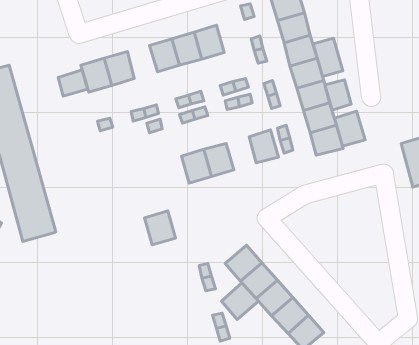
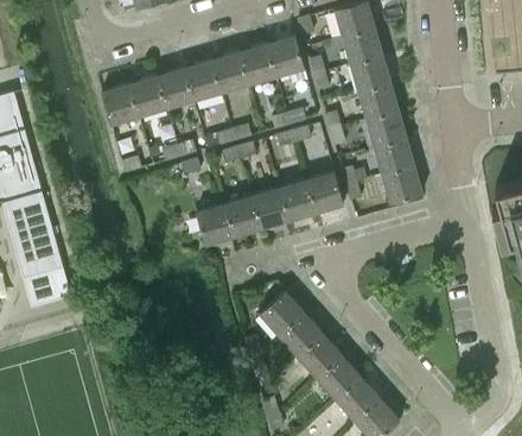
building: none -> [267,36,304,76]
building: [313,38,343,77] -> none
building: none -> [158,68,195,108]
building: [58,70,87,96] -> none
building: [325,80,351,110] -> none
building: [335,111,365,146] -> none
building: none -> [279,179,316,220]
building: [144,211,175,245] -> [196,203,234,245]
building: [222,283,258,320] -> [259,290,304,335]

